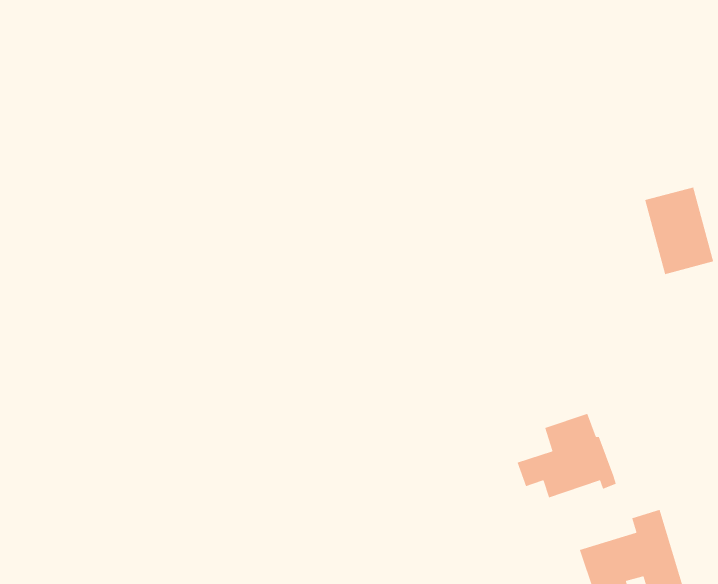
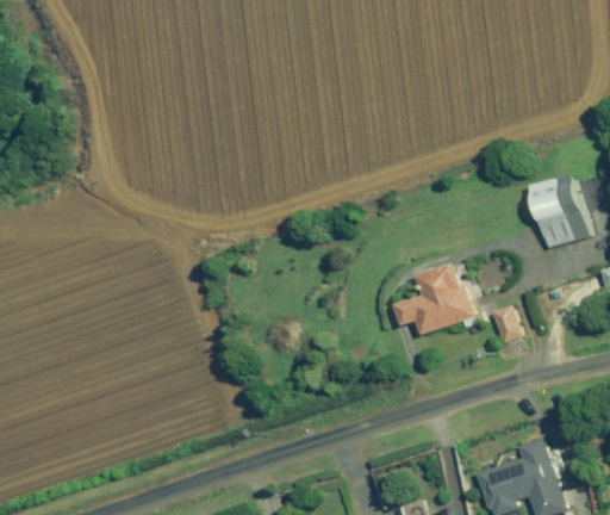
building: none -> [492,305,519,342]
building: [517,413,617,499] -> [394,263,477,334]

